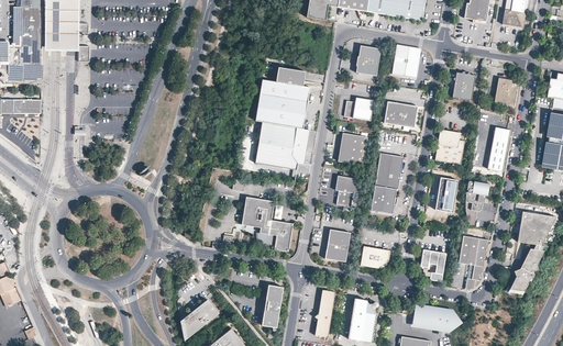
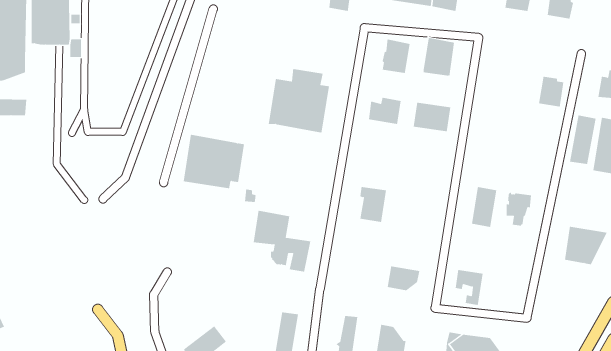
building: [451,71,474,100] -> none
building: [254,121,309,169] -> [183,134,245,189]
building: [485,126,509,170] -> [569,115,597,164]
building: [434,130,464,164] -> none
building: [339,133,366,165] -> none
building: [369,153,402,213] -> none
building: [324,228,350,261] -> none
building: [459,235,488,288] -> none
building: [508,244,543,293] -> none

